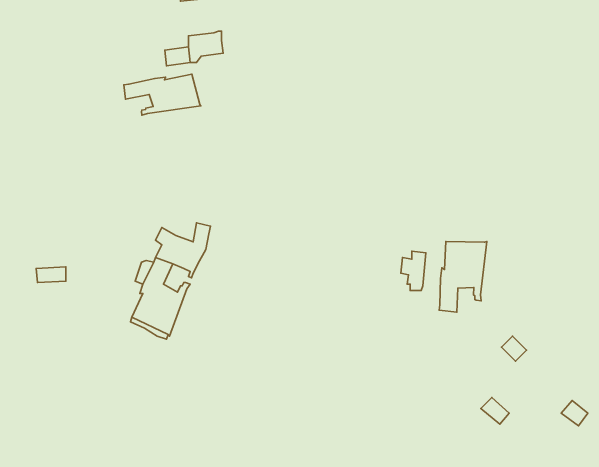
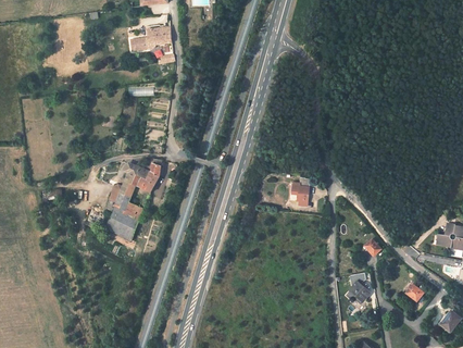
building: [124,74,201,115] -> none
building: [439,242,487,312] -> none

